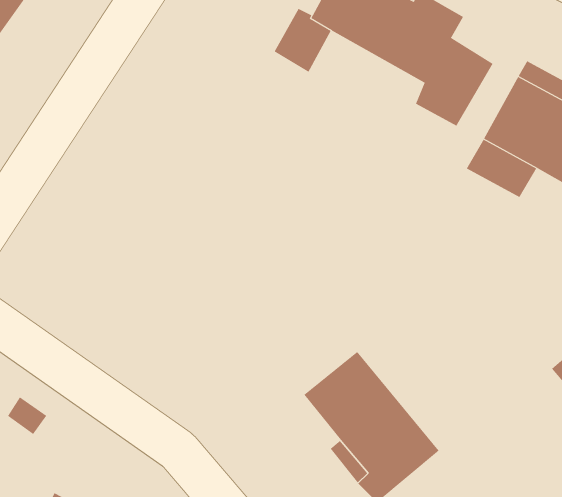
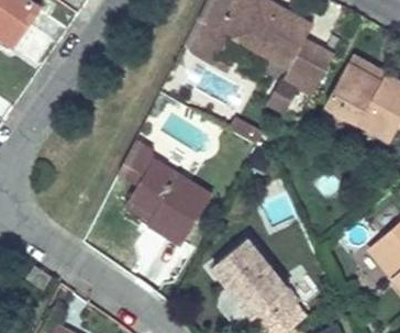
building: none -> [125,158,212,243]

